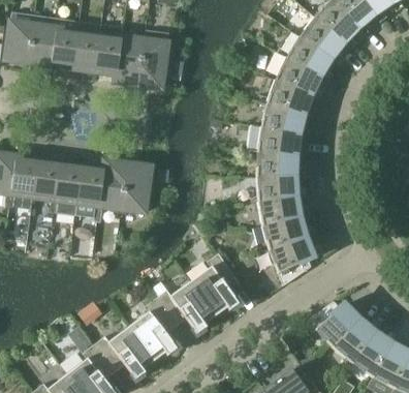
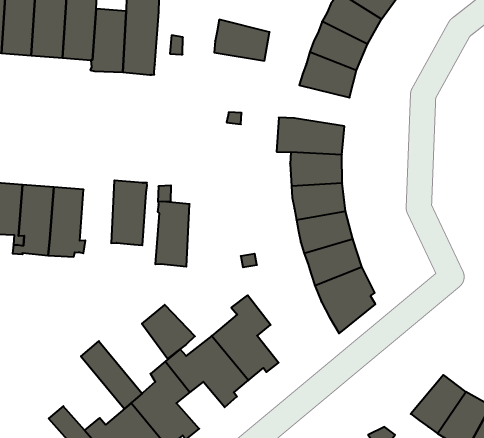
building: [262,101,304,133] -> [214,20,270,61]
building: [100,159,128,208] -> [155,202,190,267]
building: none -> [142,305,195,359]
building: none -> [81,341,142,409]
building: [308,300,359,346] -> none

